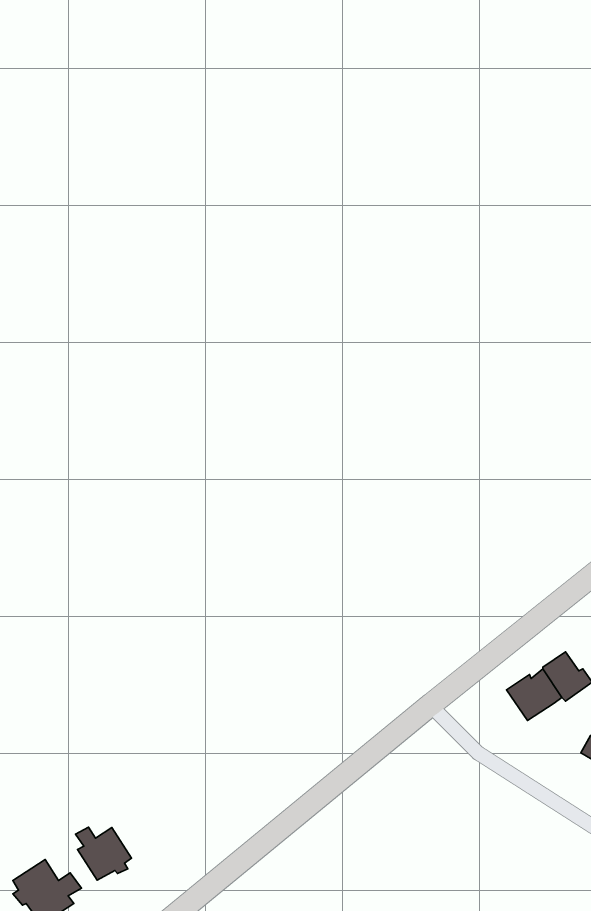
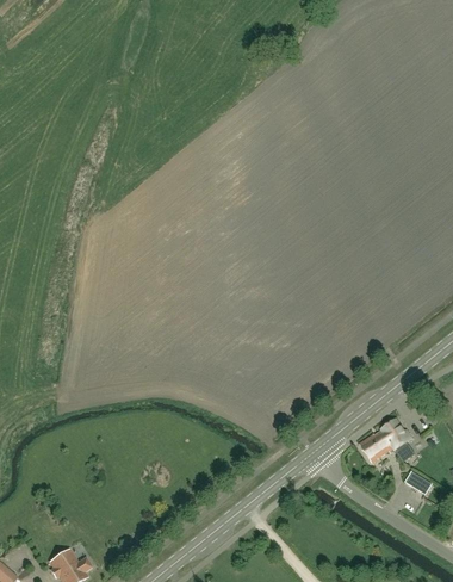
building: [76,827,132,880] -> none

